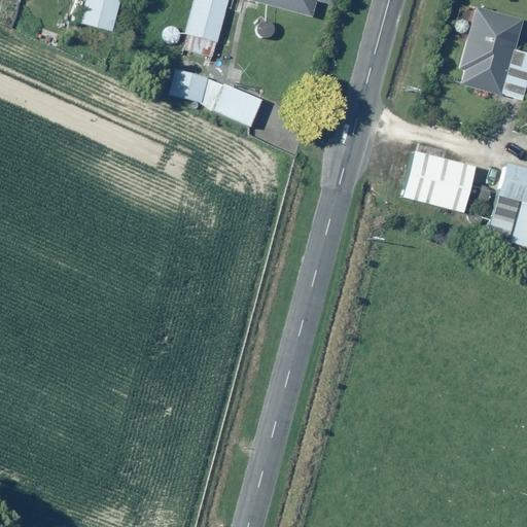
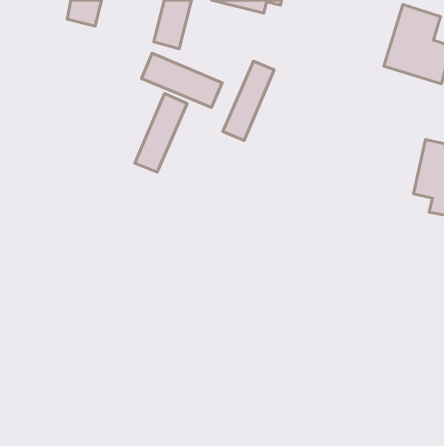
building: none -> [223,61,274,141]
building: none -> [135,94,187,172]
building: [398,152,475,212] -> none

